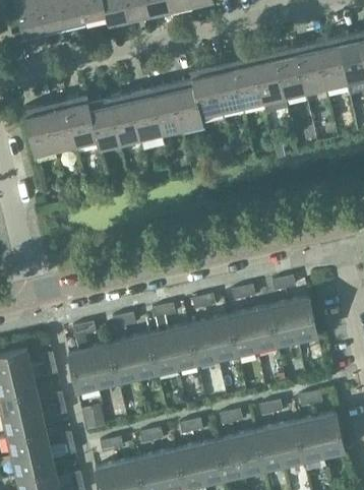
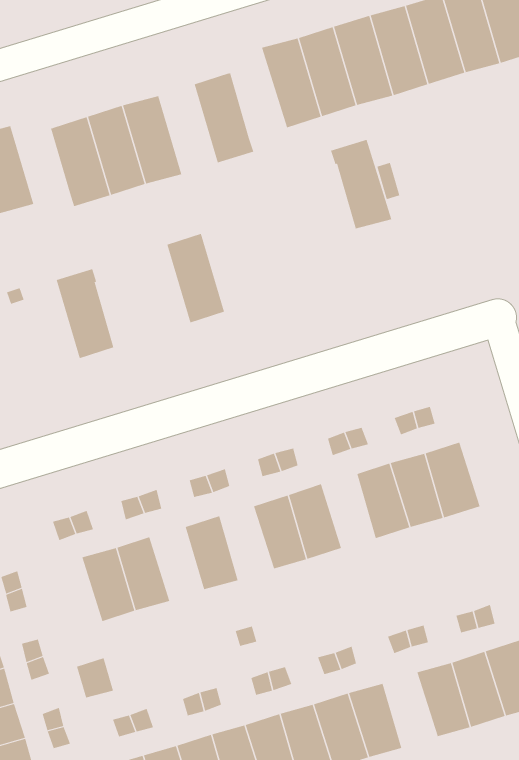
building: [189,68,222,119] -> [330,139,392,229]
building: [150,86,181,137] -> [167,233,225,323]
building: [65,98,96,148] -> [56,268,114,359]
building: [228,314,256,356] -> none
building: [169,328,197,370] -> none
building: [128,338,157,379] -> none
building: [68,351,98,393] -> none
building: [255,429,284,472] -> none

